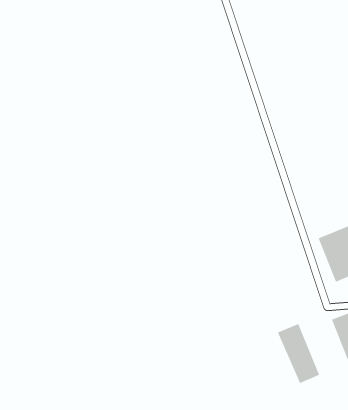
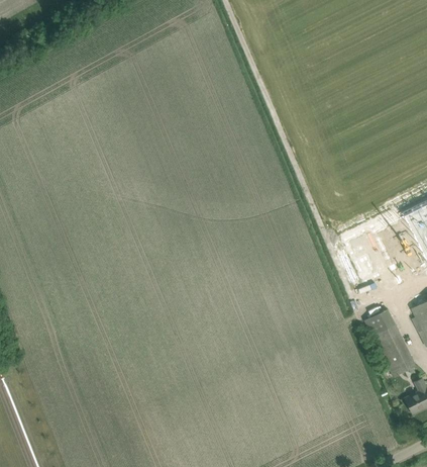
building: [277,323,320,384] -> none

